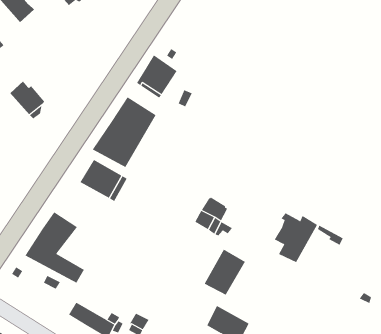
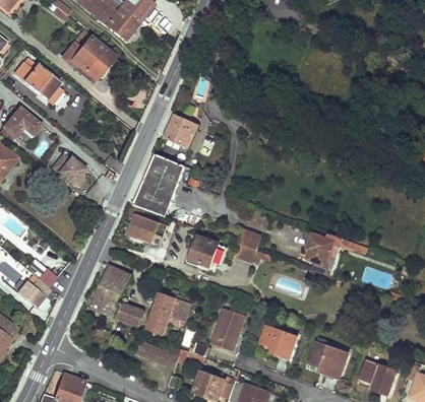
building: none -> [186,236,219,271]
building: none -> [146,288,190,333]
building: [204,249,246,296] -> [211,309,245,349]

